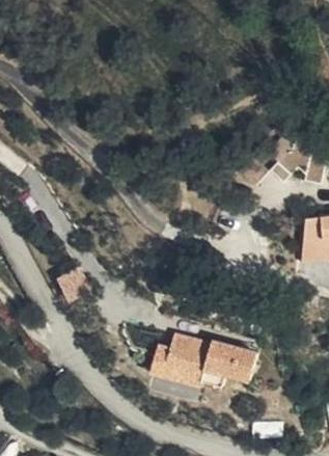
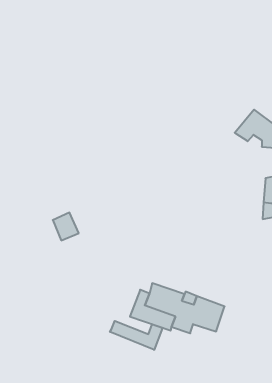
building: none -> [110,321,162,350]

